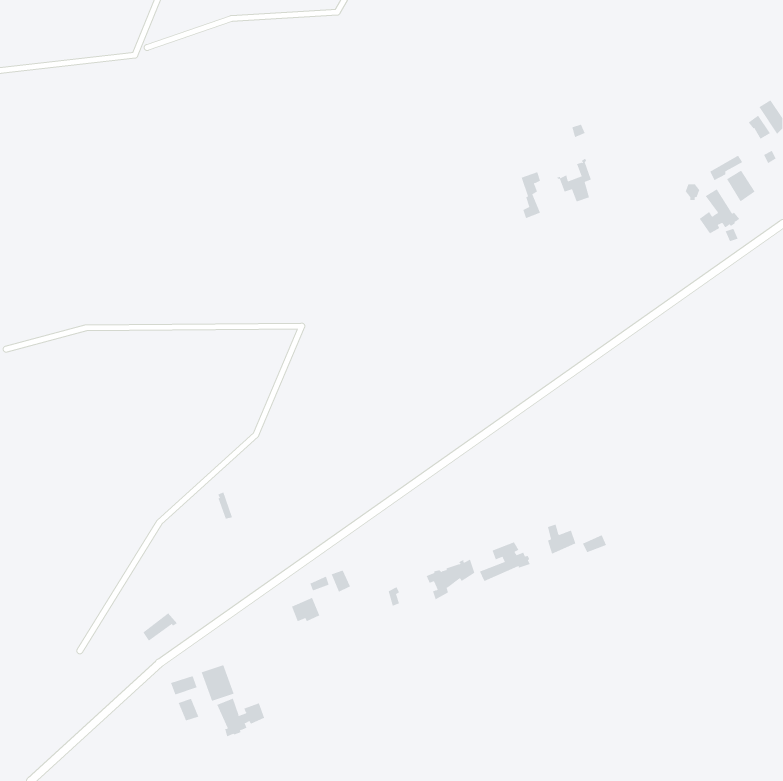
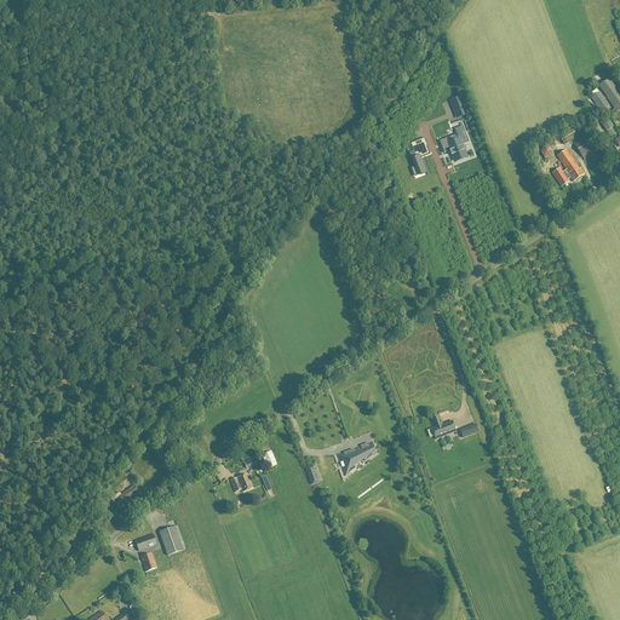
building: [479,541,530,582] -> none
building: [216,698,265,737] -> none

